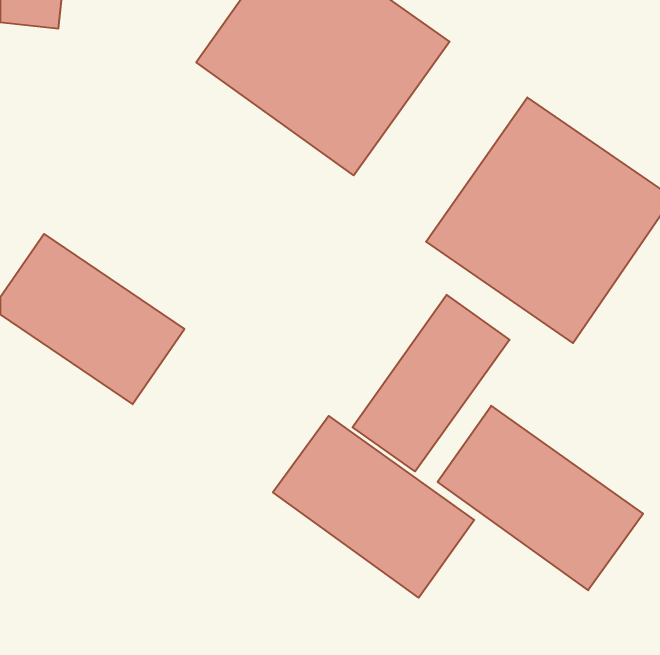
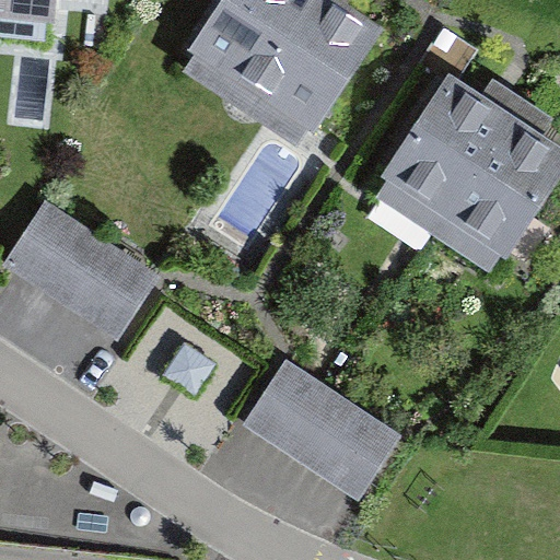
building: [353,295,510,471] -> none
building: [438,406,643,590] -> none

